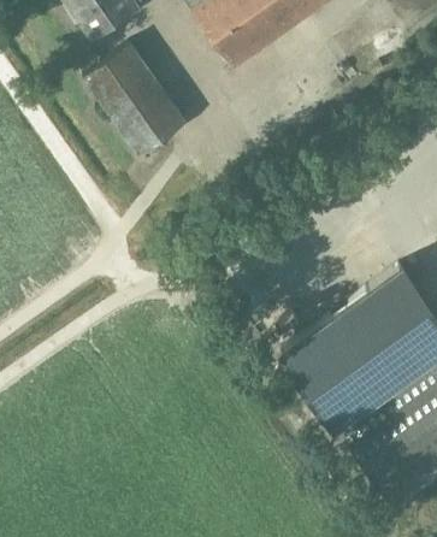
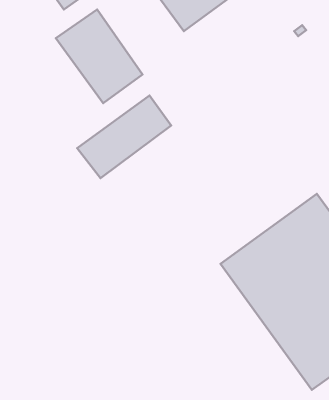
building: none -> [77,96,171,178]

